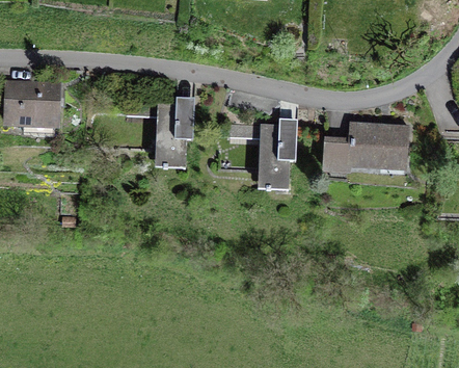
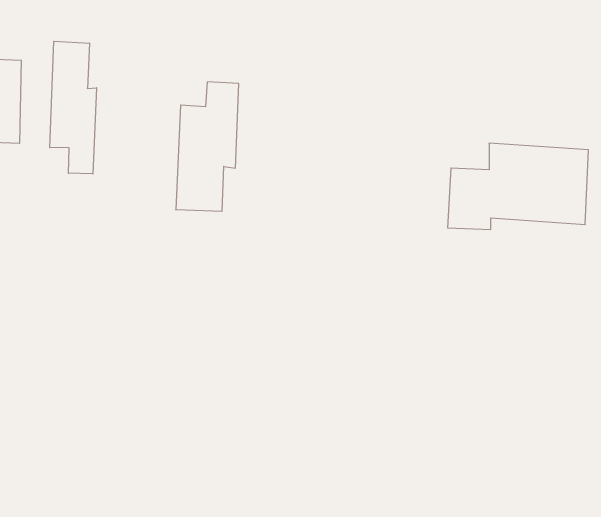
building: none -> [50,41,97,174]
building: [261,109,300,190] -> none

